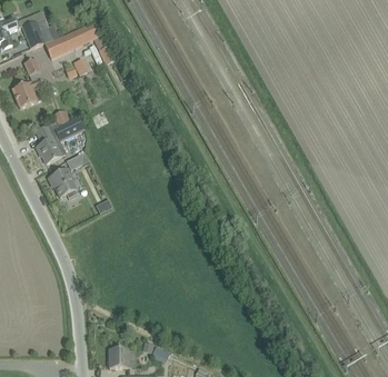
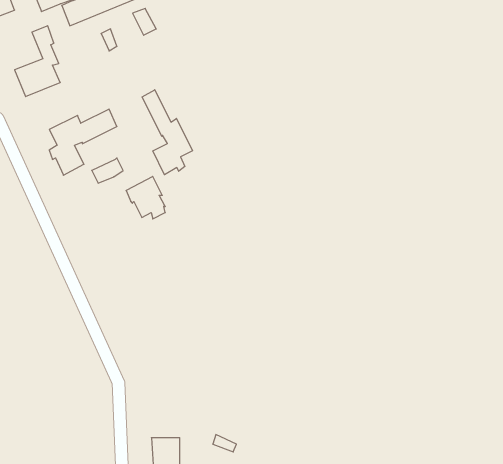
building: none -> [142,90,193,175]
building: [49,168,77,198] -> [126,176,165,219]

